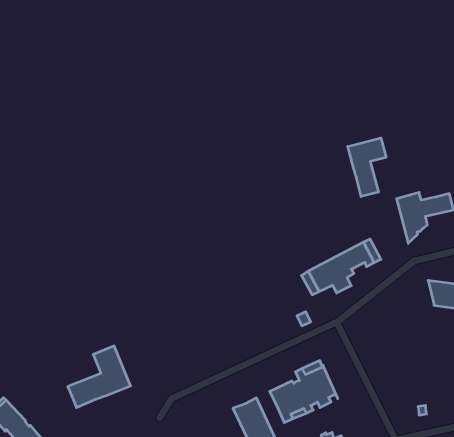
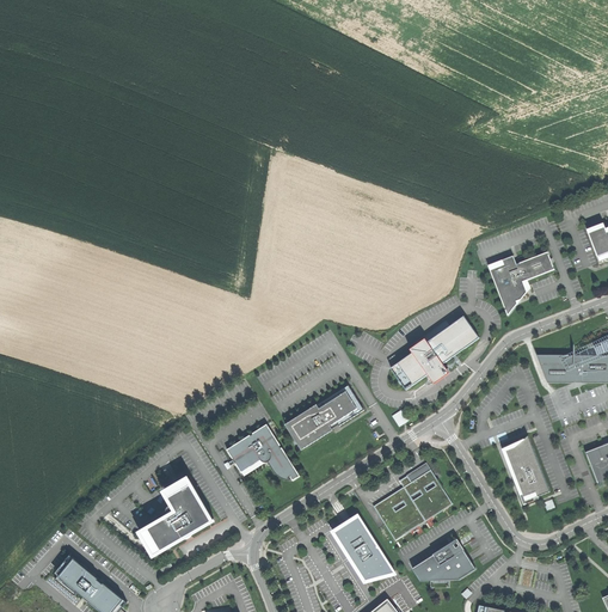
building: [348,138,386,197] -> none
building: none -> [287,390,360,446]
building: none -> [225,423,299,479]
building: none -> [504,435,548,503]

